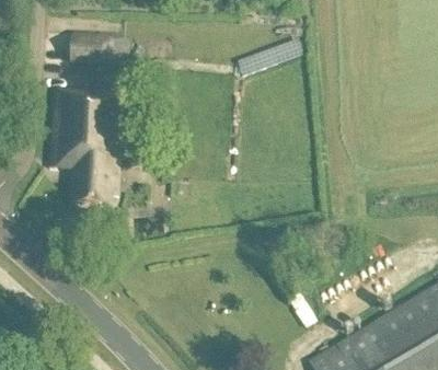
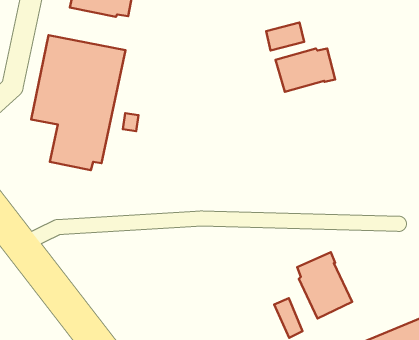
building: none -> [275,48,335,92]
building: none -> [297,252,352,318]

